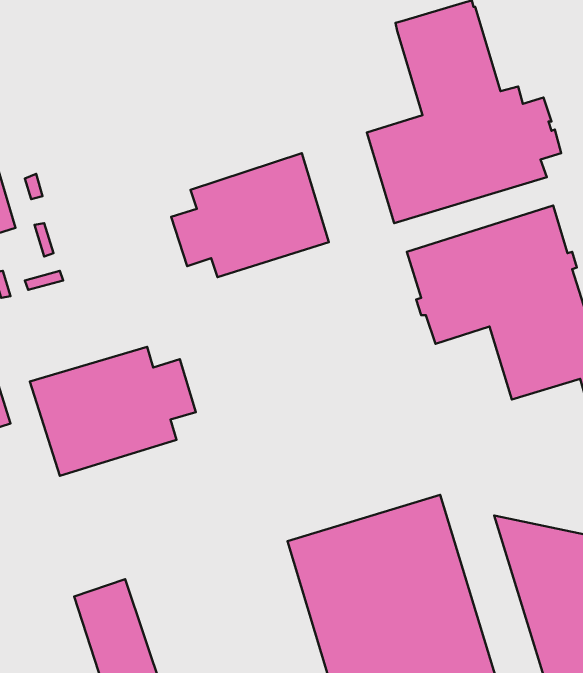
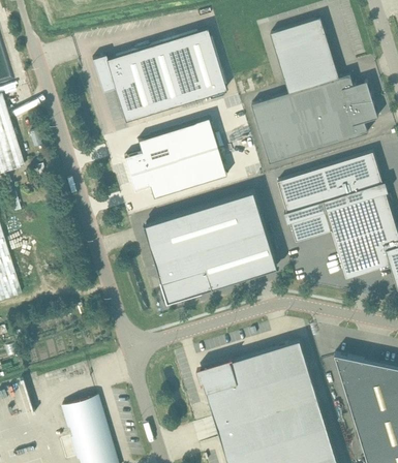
building: none -> [92,29,225,122]
building: none -> [144,192,279,302]
building: [30,347,196,476] -> none

